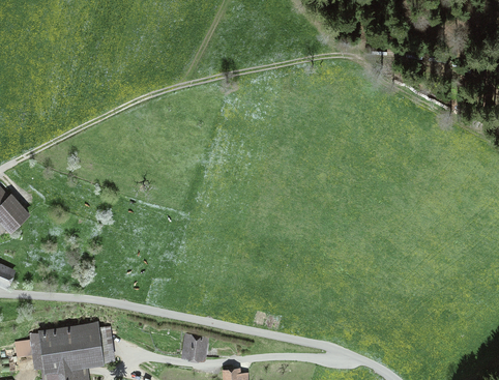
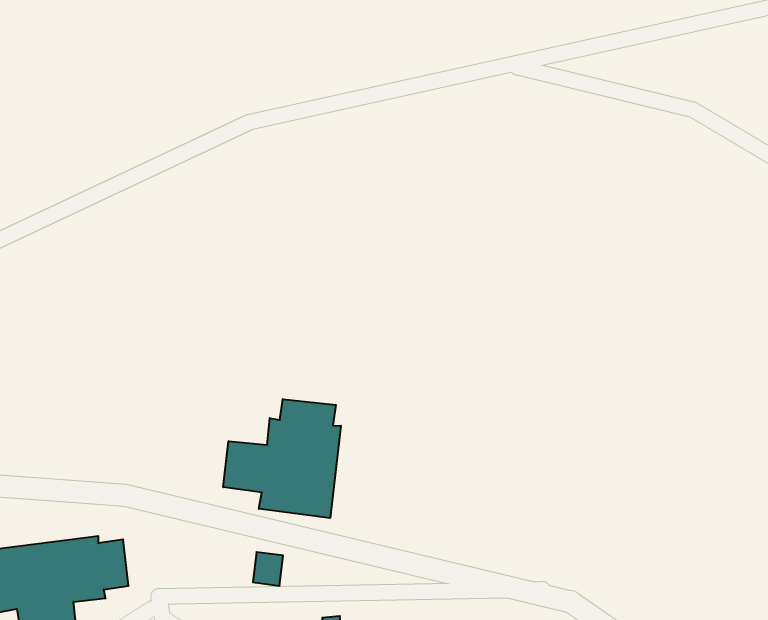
building: none -> [223,399,341,518]

